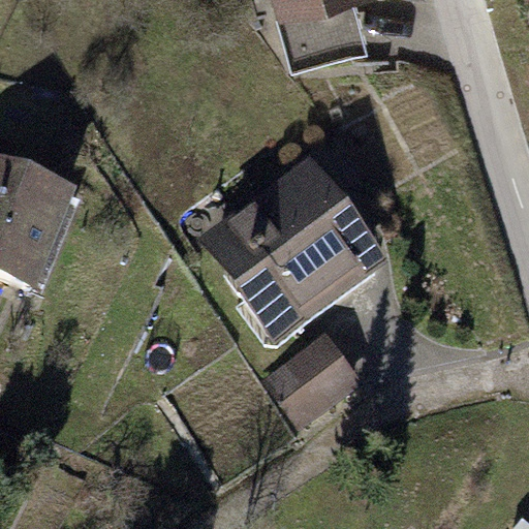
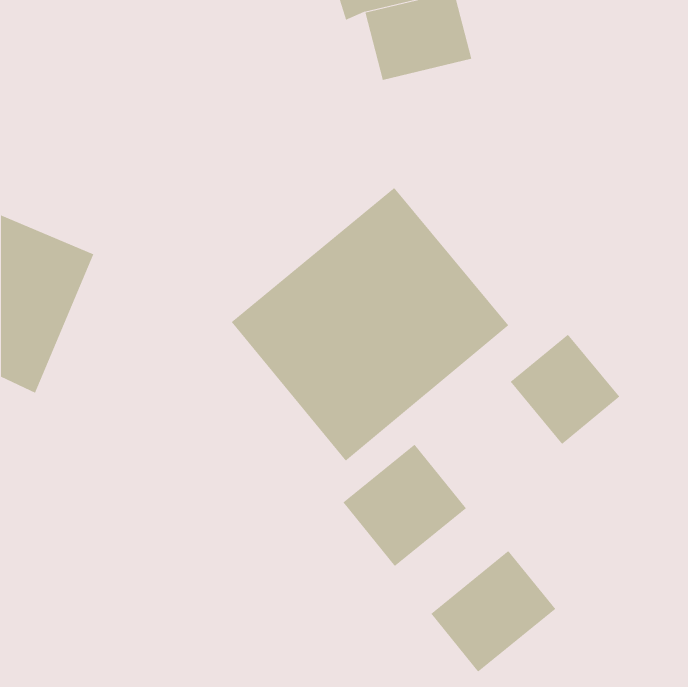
building: none -> [510,334,620,445]
building: none -> [430,550,556,672]

